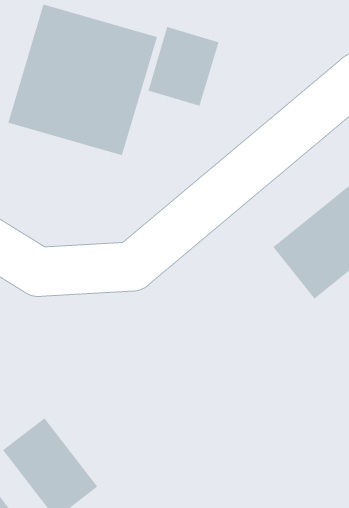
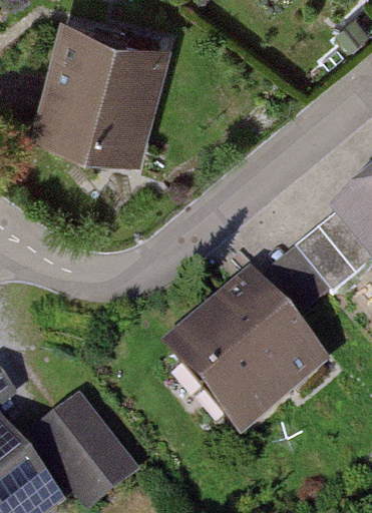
building: [148,26,219,107] -> none
building: none -> [169,282,312,425]

